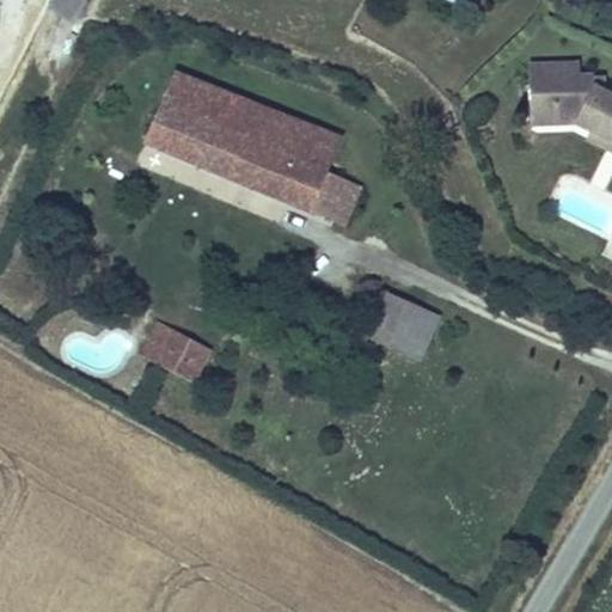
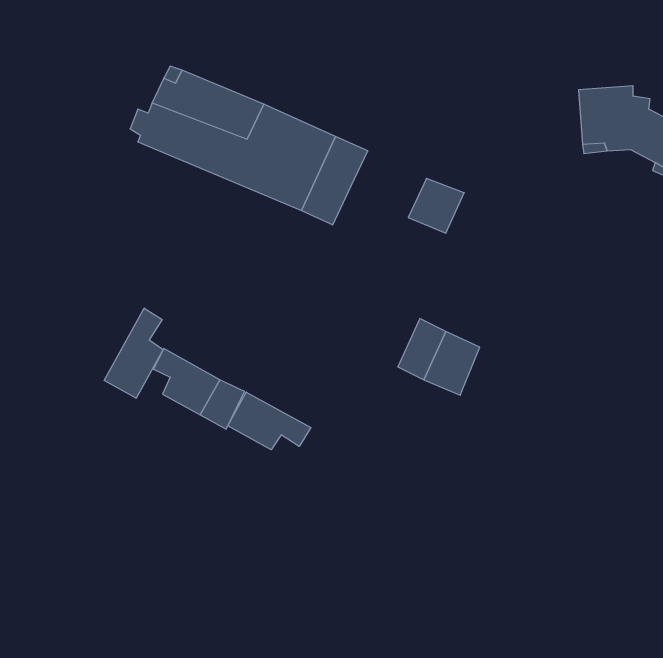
building: [307,171,359,221] -> [408,178,464,233]
building: none -> [104,308,163,398]
building: none -> [228,392,311,450]

